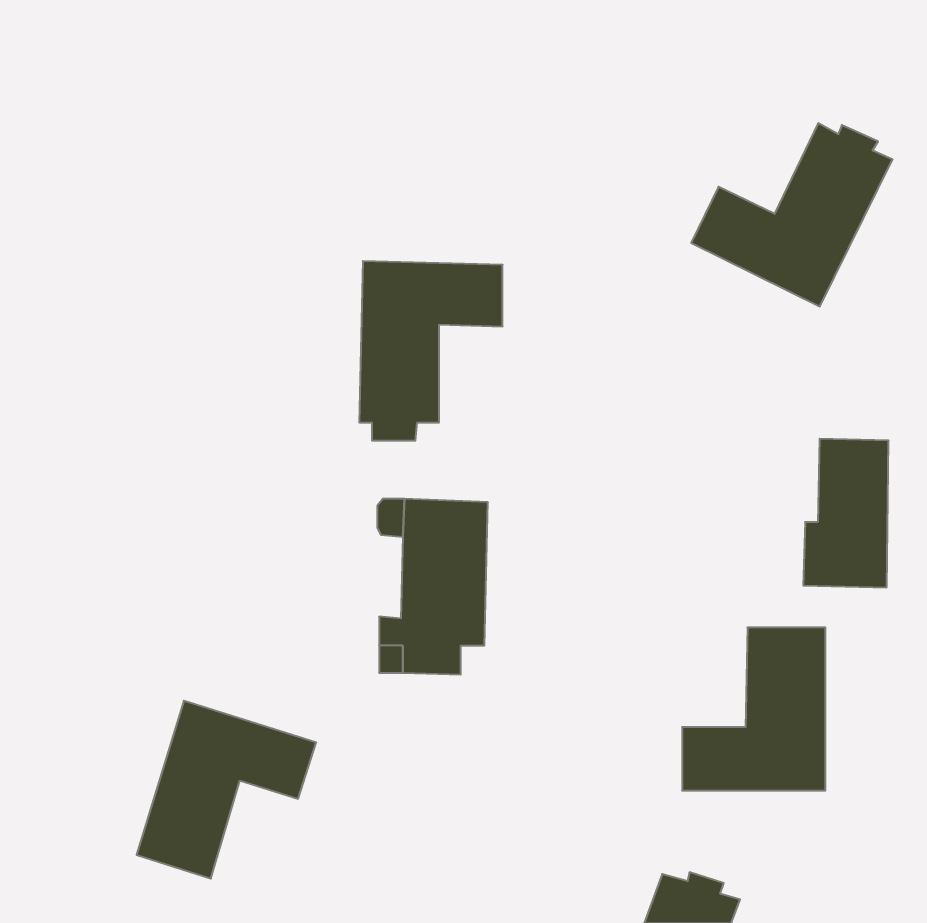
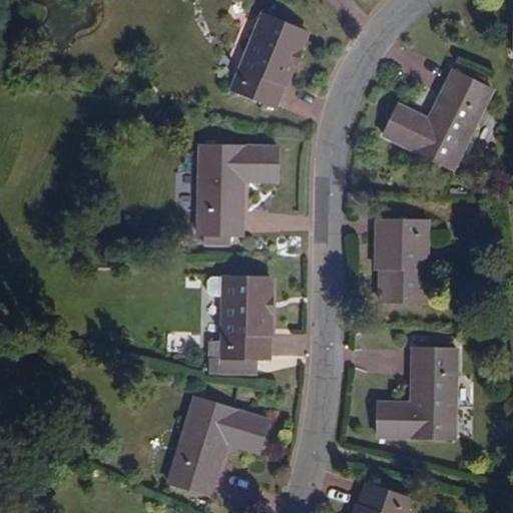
building: none -> [230,13,306,106]
building: [803,439,889,587] -> [379,219,426,302]
building: [137,701,316,879] -> [169,397,269,495]

